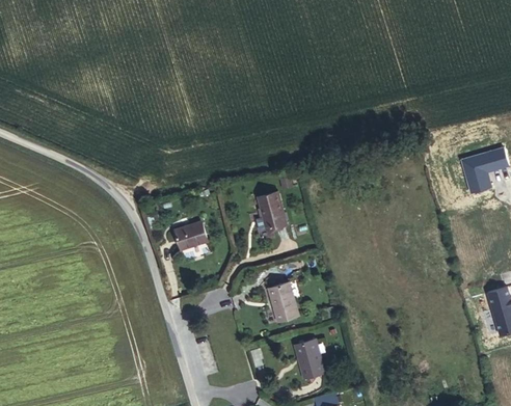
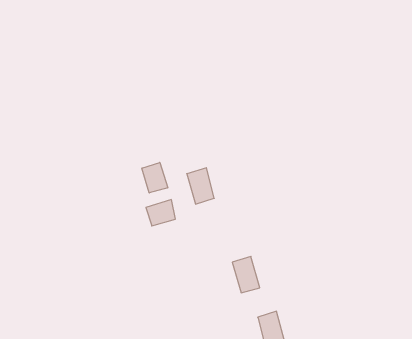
building: none -> [142,162,168,193]
building: [257,192,286,231] -> [187,168,214,204]

